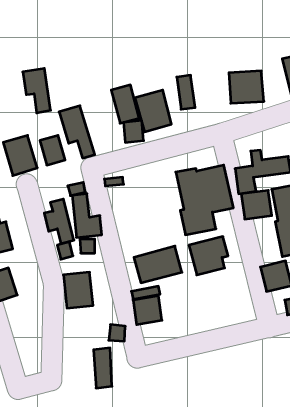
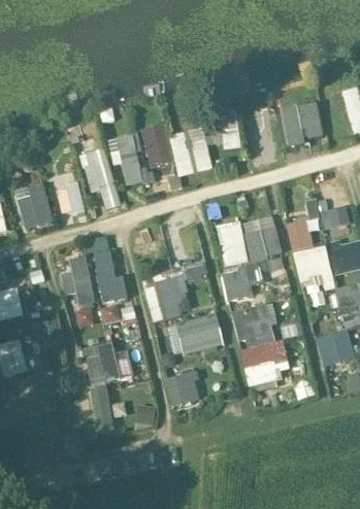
building: [23,68,51,113] -> [108,133,141,185]
building: none -> [153,261,210,319]
building: none -> [241,343,286,385]
building: [94,348,112,388] -> [90,385,111,433]

